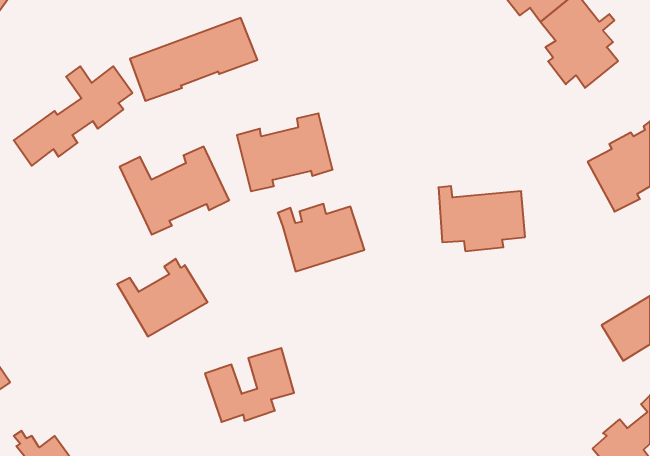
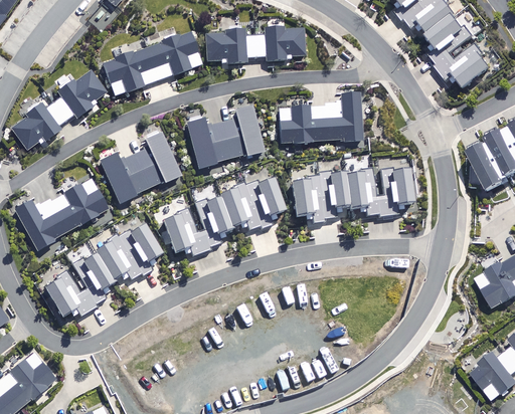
building: none -> [204,28,303,64]
building: none -> [279,82,360,143]
building: none -> [294,165,349,219]
building: none -> [14,179,109,251]
building: none -> [42,247,117,320]
building: [205,348,294,422] -> [163,197,233,255]

